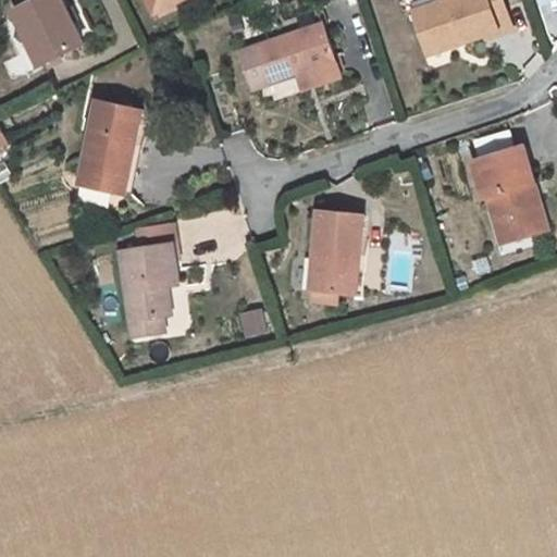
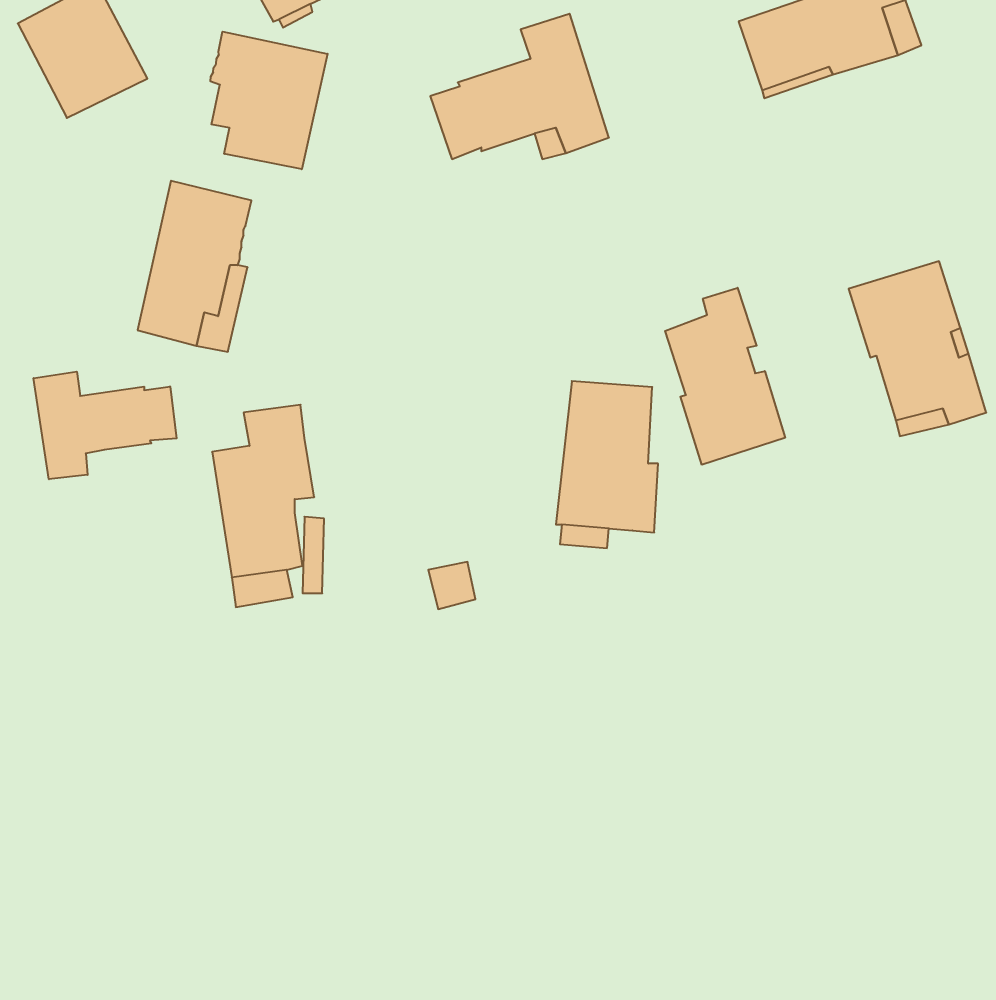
building: none -> [210,32,328,169]
building: none -> [665,288,785,465]
building: none -> [34,372,177,479]

